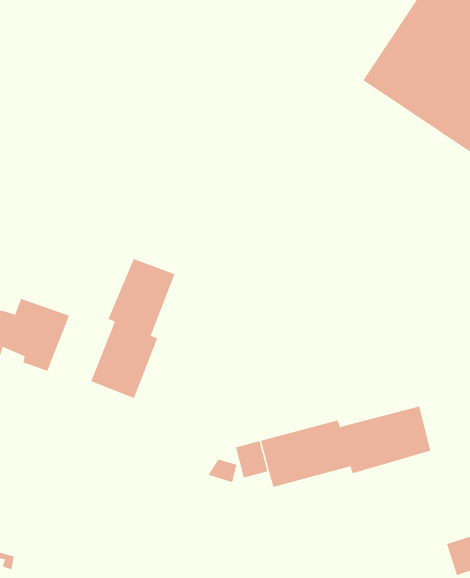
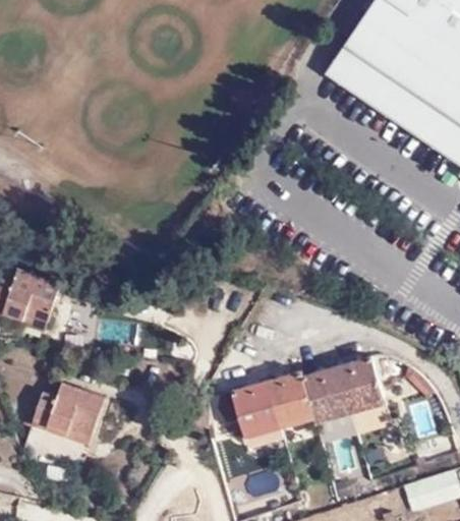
building: [91,258,175,399] -> none
building: none -> [34,381,111,446]

